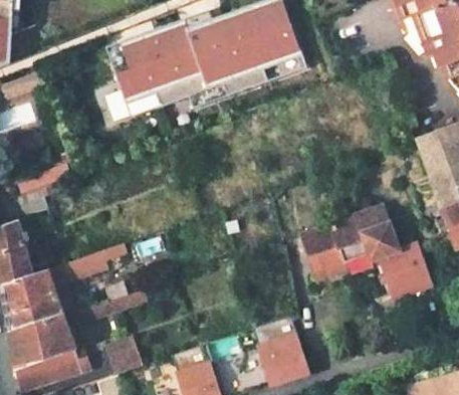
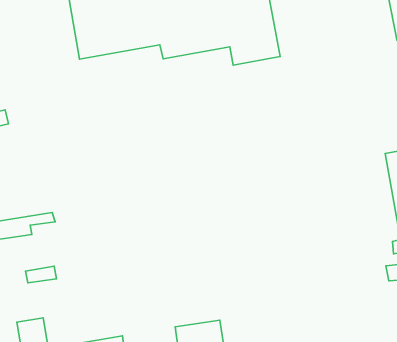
building: [306,209,435,301] -> none

